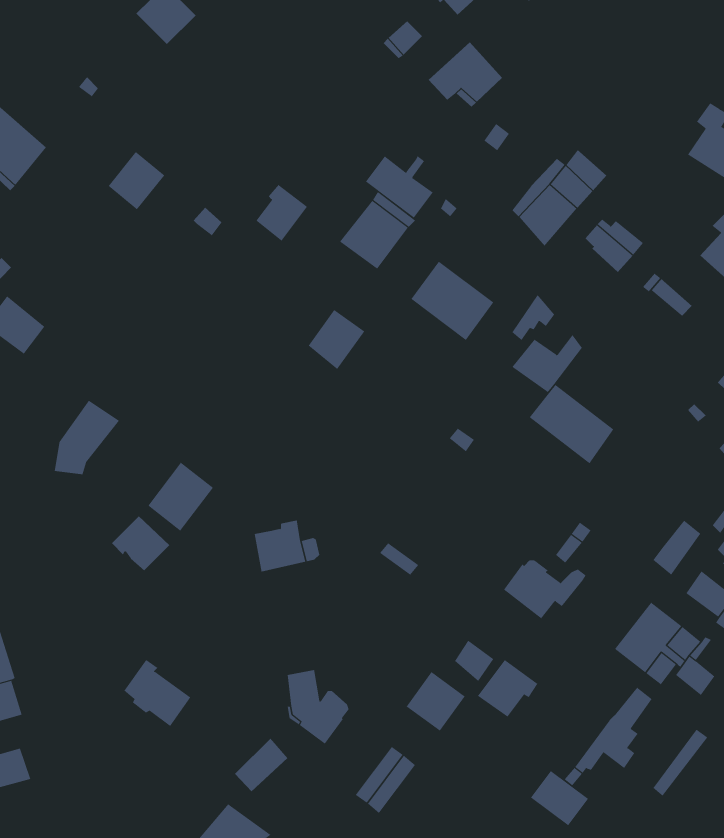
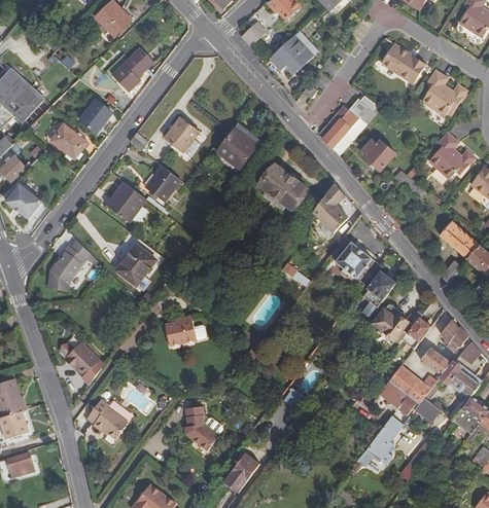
building: none -> [381,43,424,82]
building: none -> [111,47,152,92]
building: [365,155,433,218] -> none
building: none -> [50,124,85,158]
building: none -> [106,182,145,222]
building: [308,309,365,370] -> [145,166,179,202]
building: none -> [363,270,394,306]
building: [148,462,214,531] -> [115,244,154,285]
building: [111,515,170,571] -> [64,341,99,374]
building: [503,560,587,619] -> [372,304,421,339]
building: [477,659,538,717] -> none
building: [406,671,465,732] -> none
building: [234,738,288,792] -> none
building: [530,770,589,826] -> none

